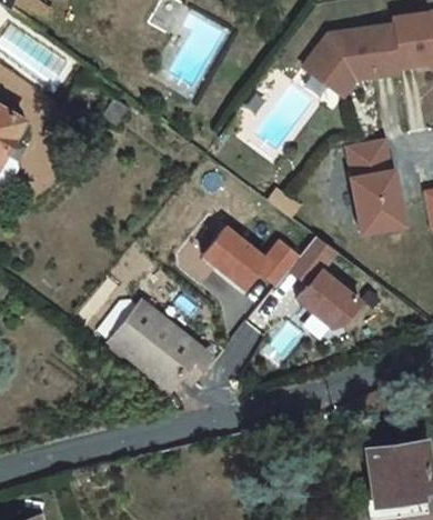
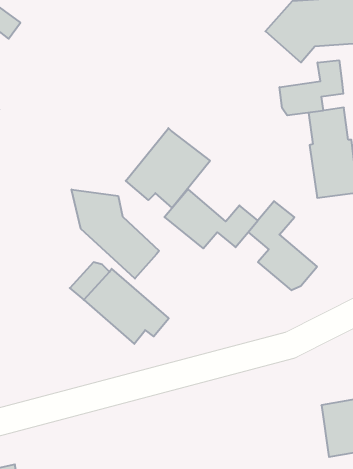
building: none -> [280,60,343,115]
building: none -> [126,128,210,208]
building: none -> [72,189,159,279]

